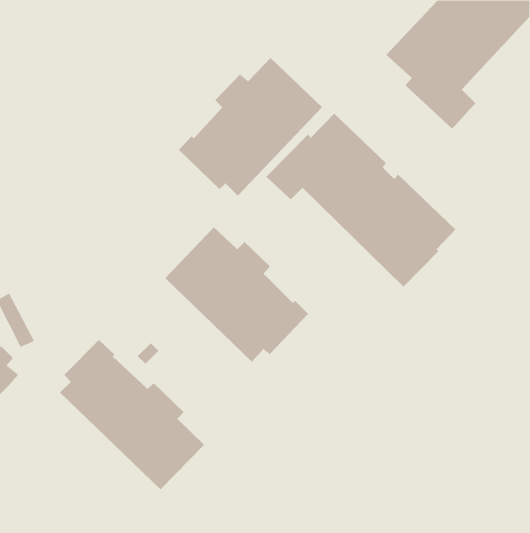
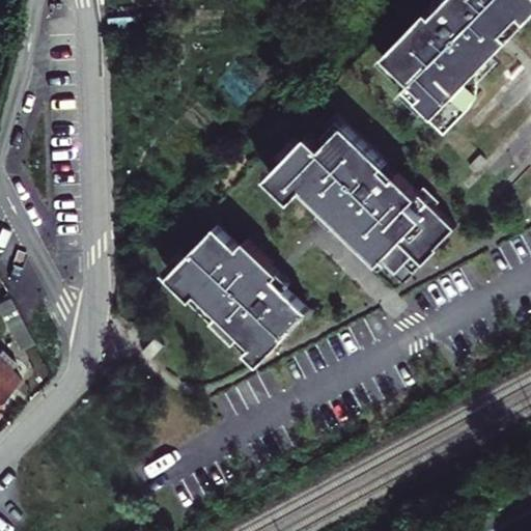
building: [178,57,323,196] -> none
building: [59,339,205,490] -> none

